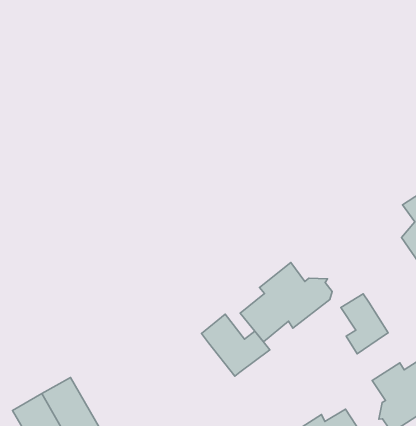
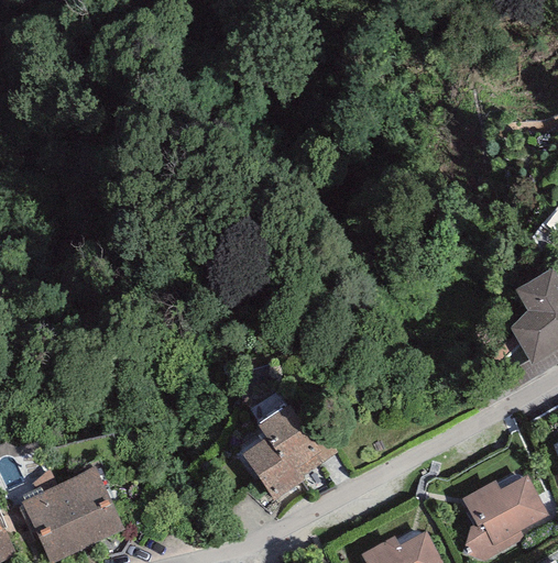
building: [240,262,332,342] -> none
building: [341,294,388,354] -> none
building: none -> [241,438,304,501]

